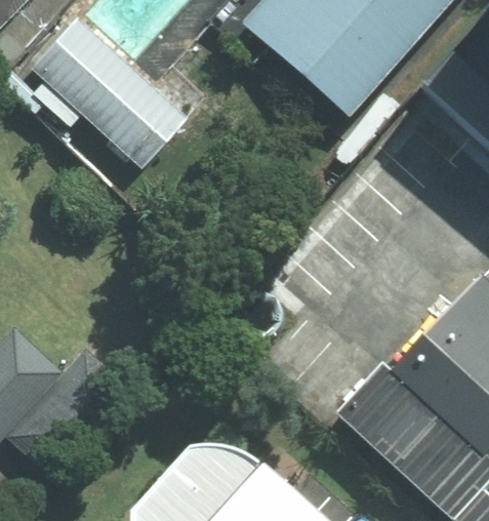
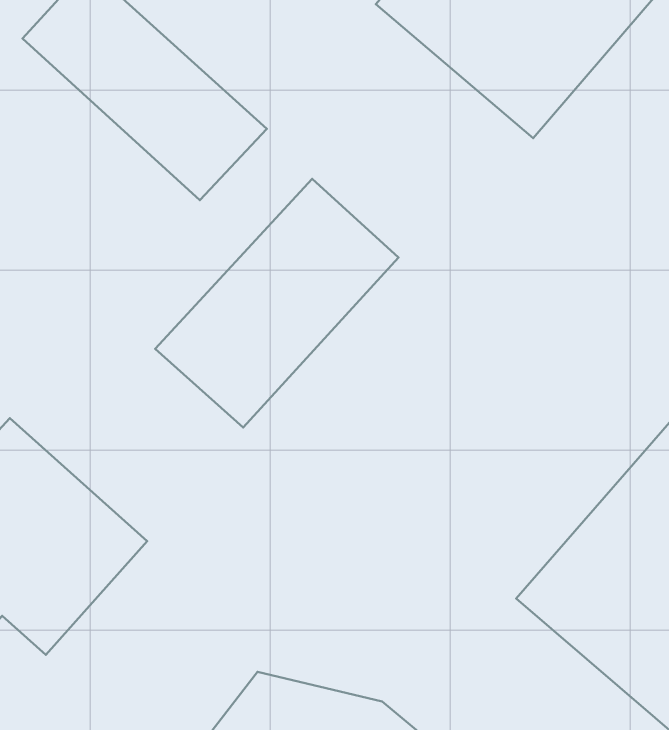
building: none -> [155,179,399,428]

